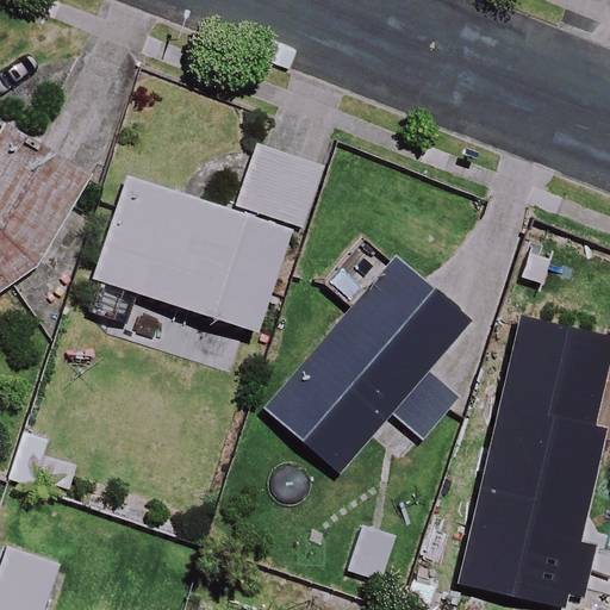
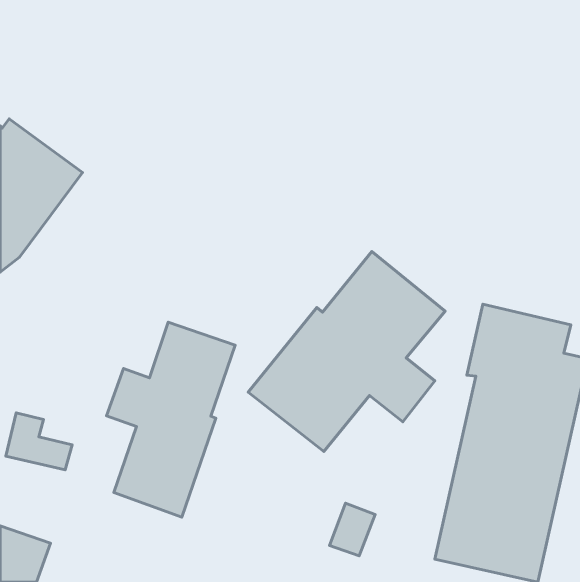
building: [94,144,324,332] -> none
building: none -> [106,322,235,517]

